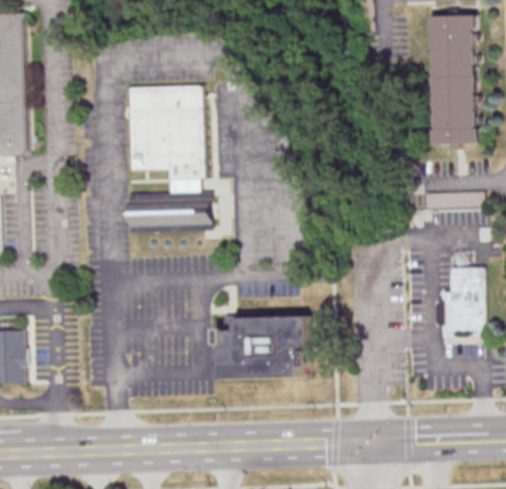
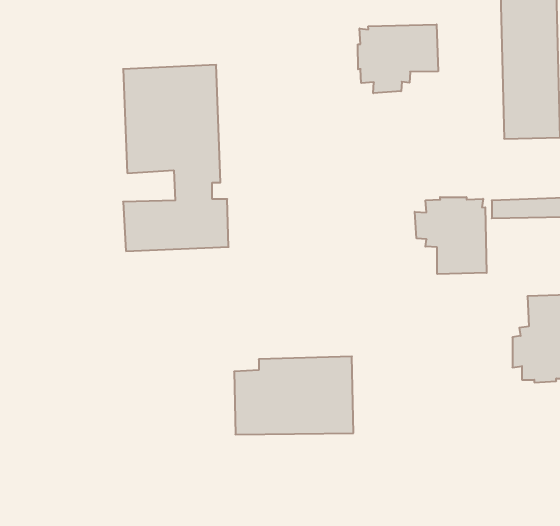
building: none -> [358,24,438,93]
building: none -> [415,197,487,274]

